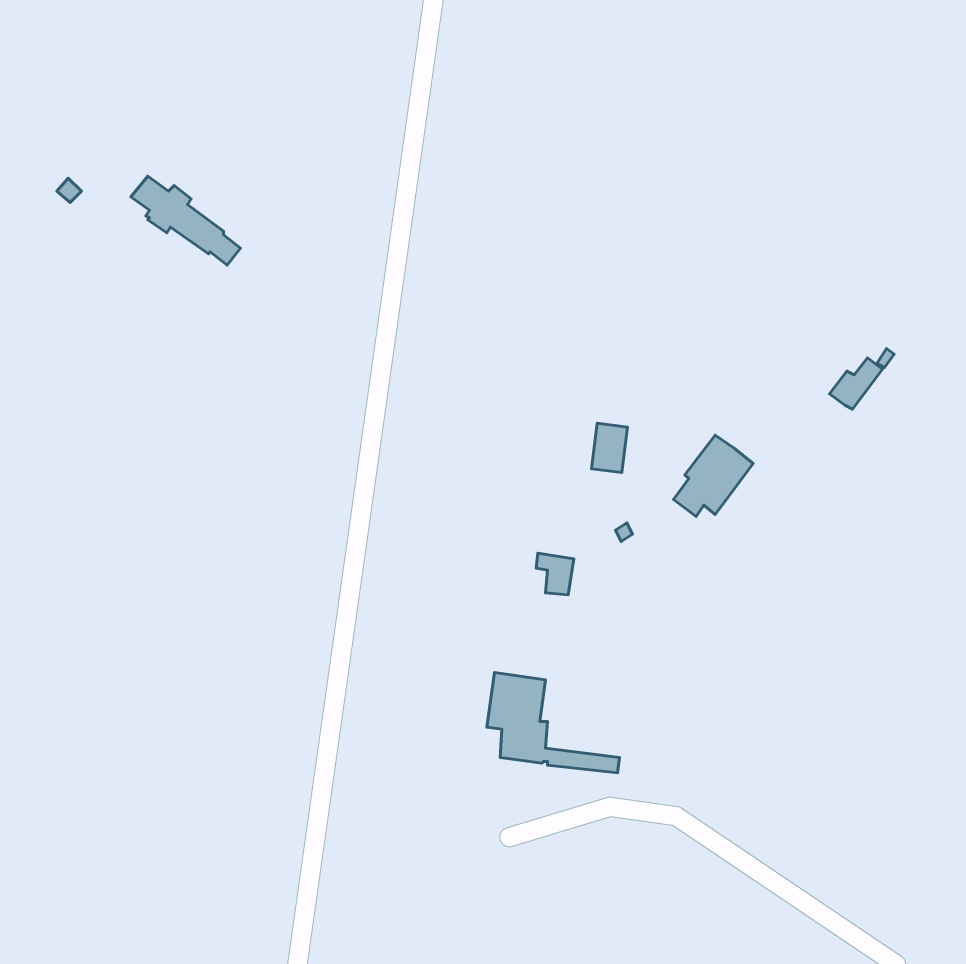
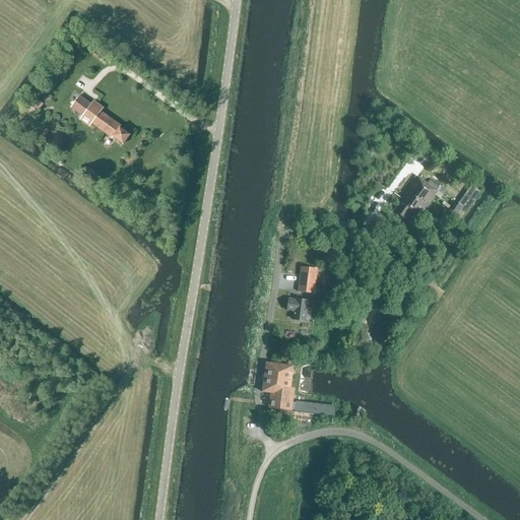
building: [592,423,628,473] -> [299,266,318,292]
building: [674,435,753,516] -> [395,175,438,218]

